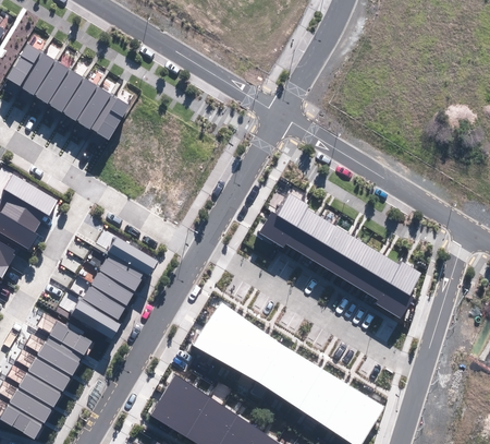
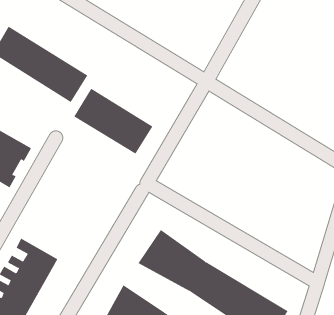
building: none -> [73,88,153,154]
building: [258,192,421,319] -> none
building: [71,238,157,338] -> none

